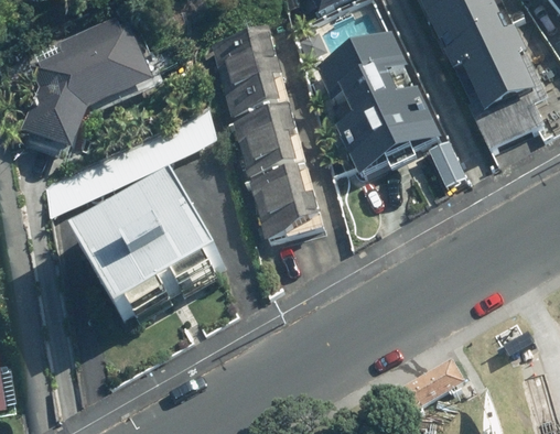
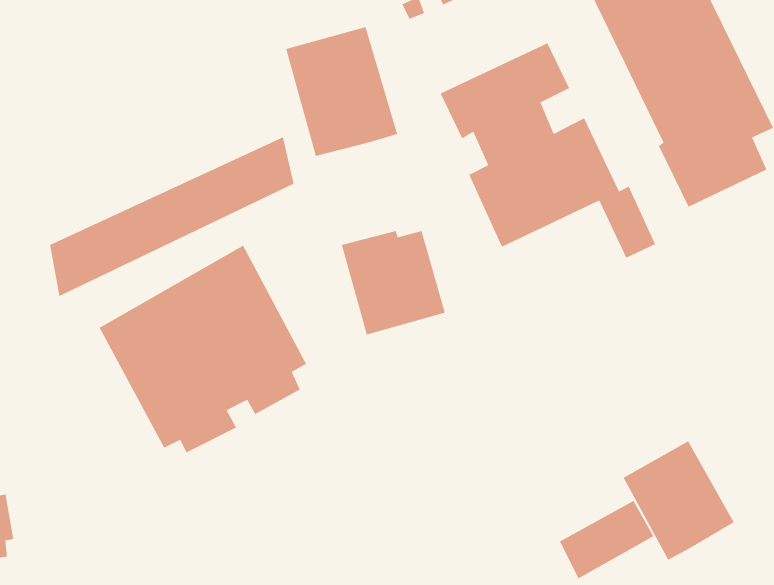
building: [20,20,152,151] -> none
building: [230,105,303,175] -> none
building: none -> [623,440,735,561]

